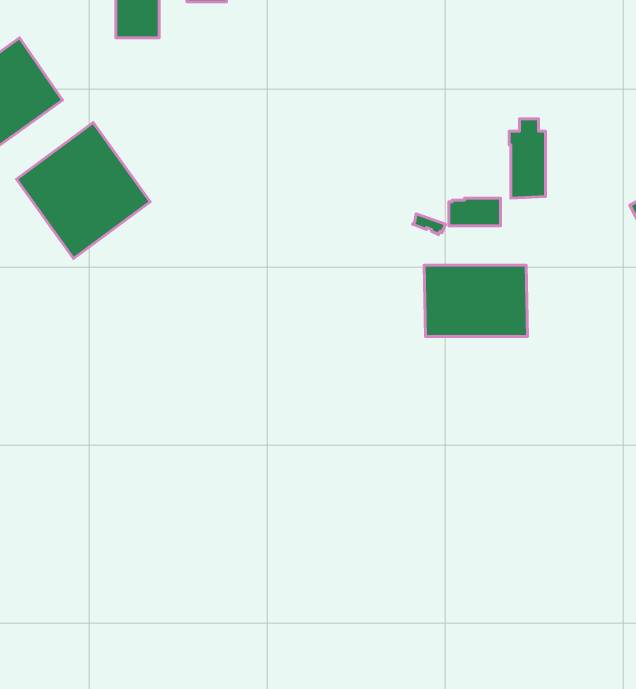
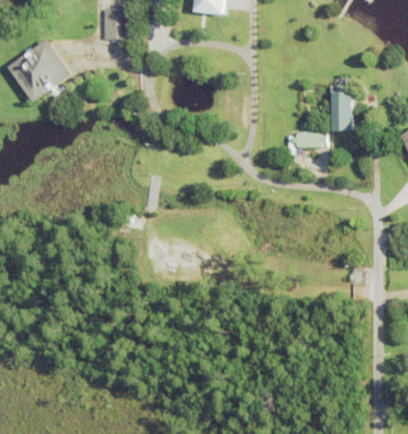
building: [17,122,150,259] -> none
building: [424,265,528,336] -> none

